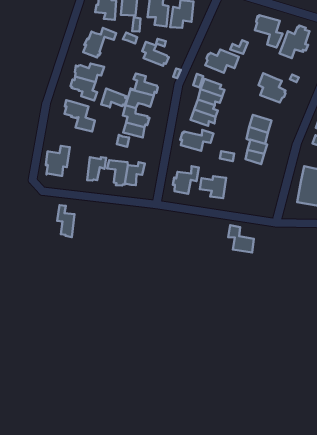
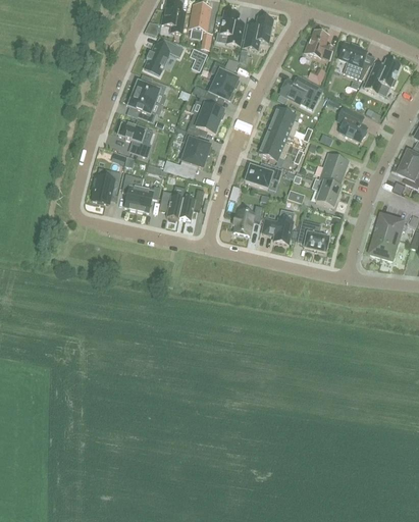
building: none -> [304,29,333,58]
building: [101,89,127,107] -> [204,79,233,100]
building: [57,205,75,237] -> [121,173,142,210]
building: [228,225,254,253] -> [300,219,328,252]

